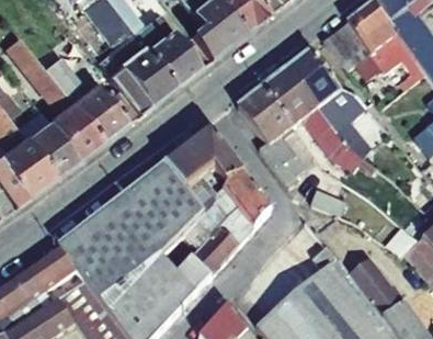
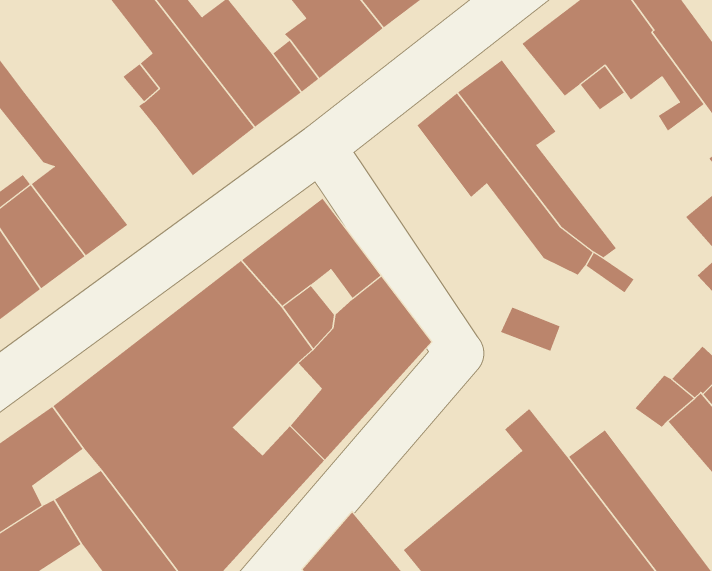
building: [43,56,137,143] -> none
building: [238,87,305,183] -> none

